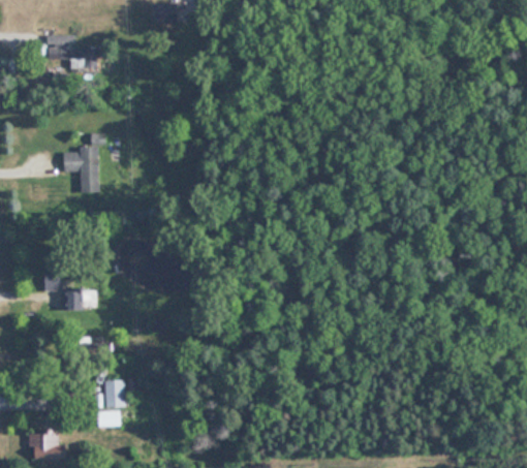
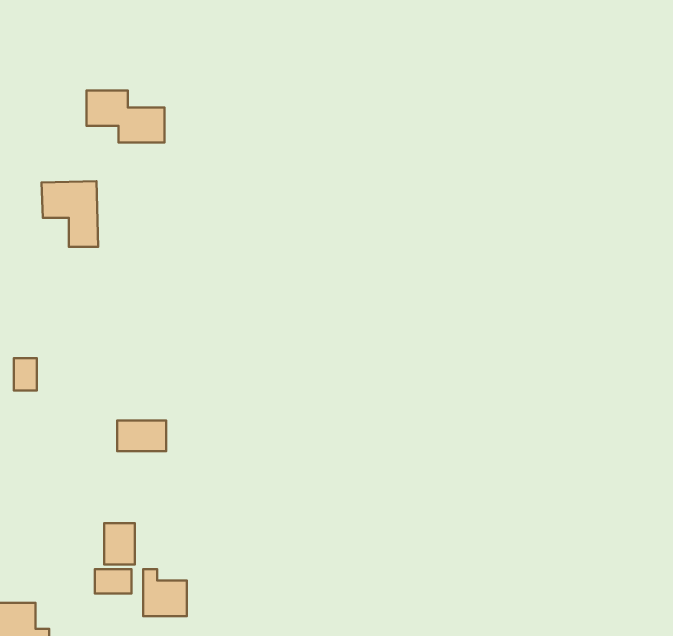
building: [47,34,99,69] -> [86,91,164,143]
building: [62,288,95,309] -> [117,421,166,451]
building: none -> [143,569,187,616]

